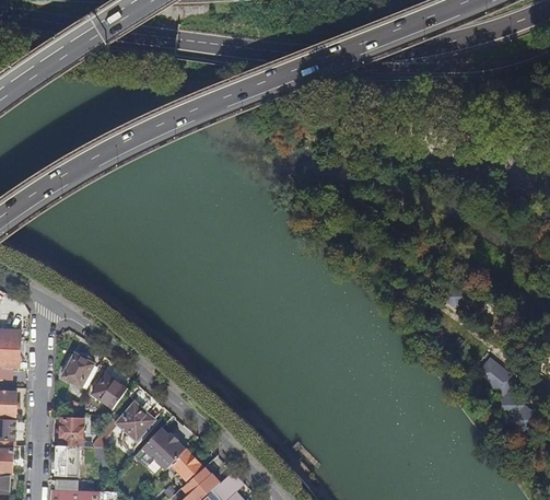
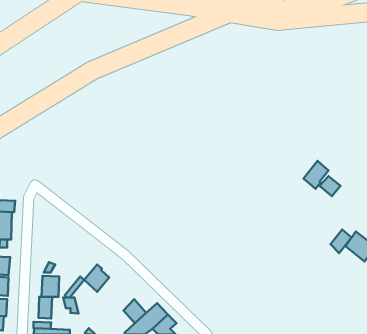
building: none -> [303,161,329,189]
building: [61,352,94,386] -> none
building: none -> [331,229,352,253]
building: [92,374,126,408] -> none
building: [142,428,186,469] -> none

